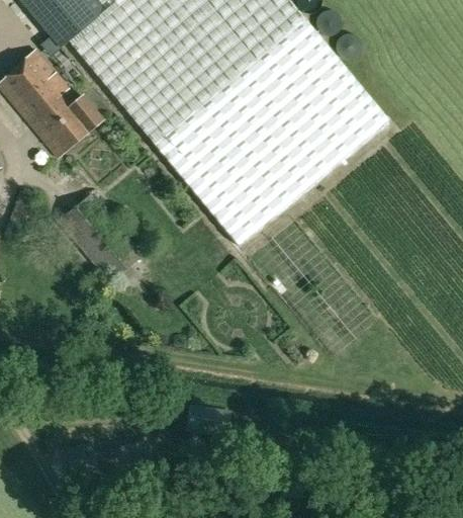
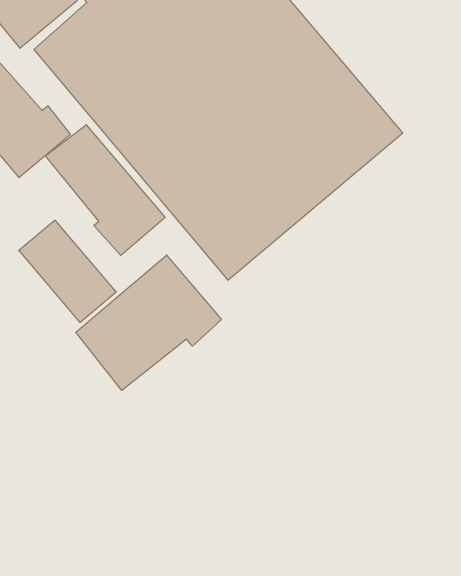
building: none -> [46,125,165,255]
building: none -> [76,255,221,390]

